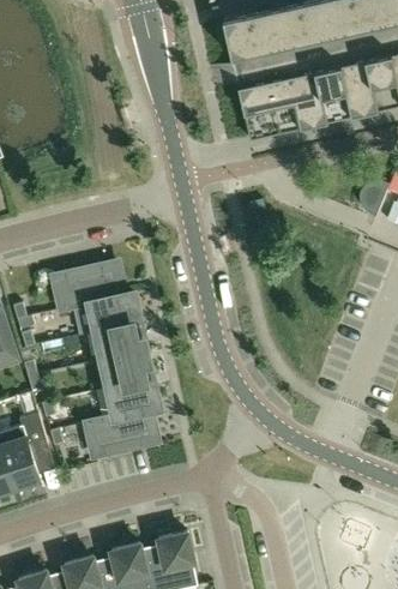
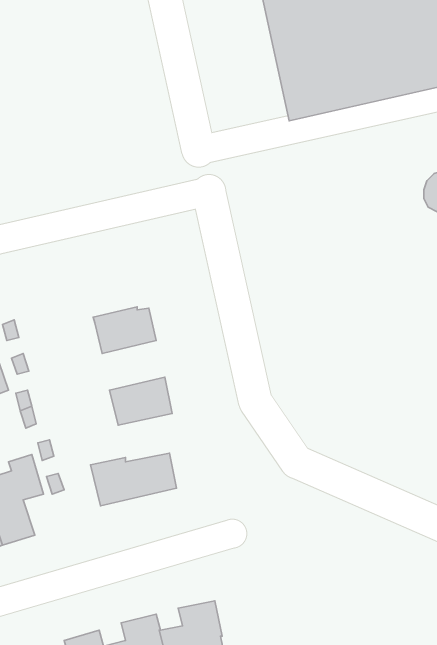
building: [54,263,123,311] -> none
building: [95,319,146,360] -> none
building: [108,379,158,419] -> none

